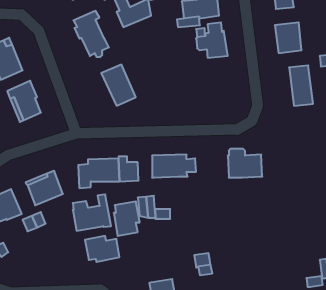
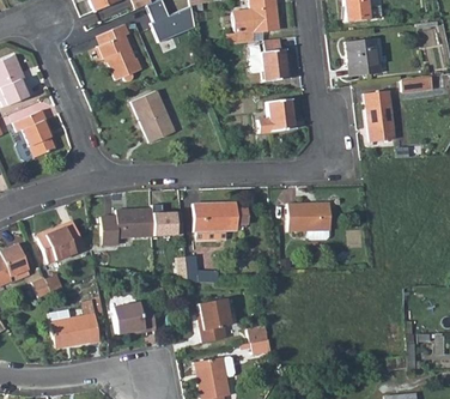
building: none -> [261,98,296,132]
building: [73,194,111,231] -> [51,302,99,347]
building: [114,201,140,236] -> [196,300,229,343]

